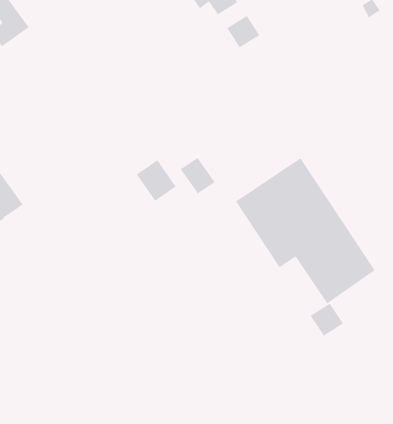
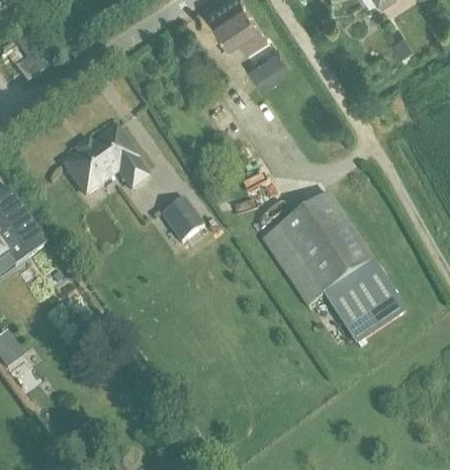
building: none -> [63,125,147,192]
building: [180,157,215,194] -> none
building: [310,303,344,337] -> none

